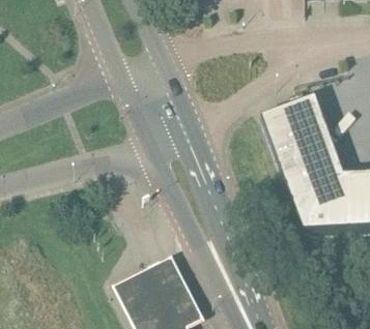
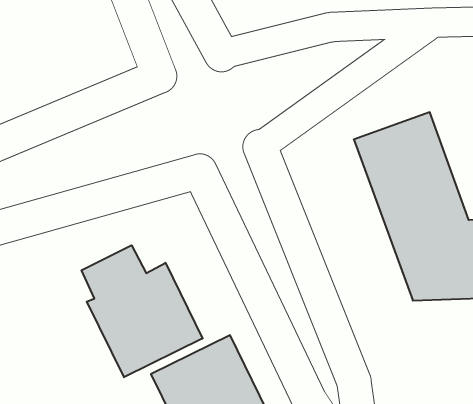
building: none -> [82,245,203,377]

